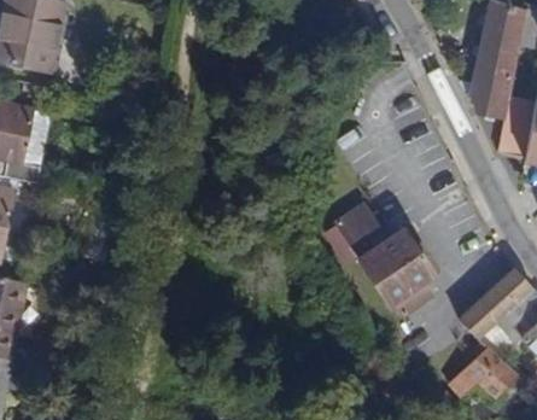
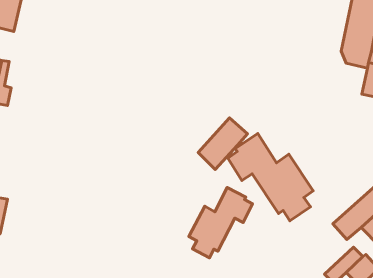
building: none -> [198,118,247,169]
building: none -> [189,188,252,258]

